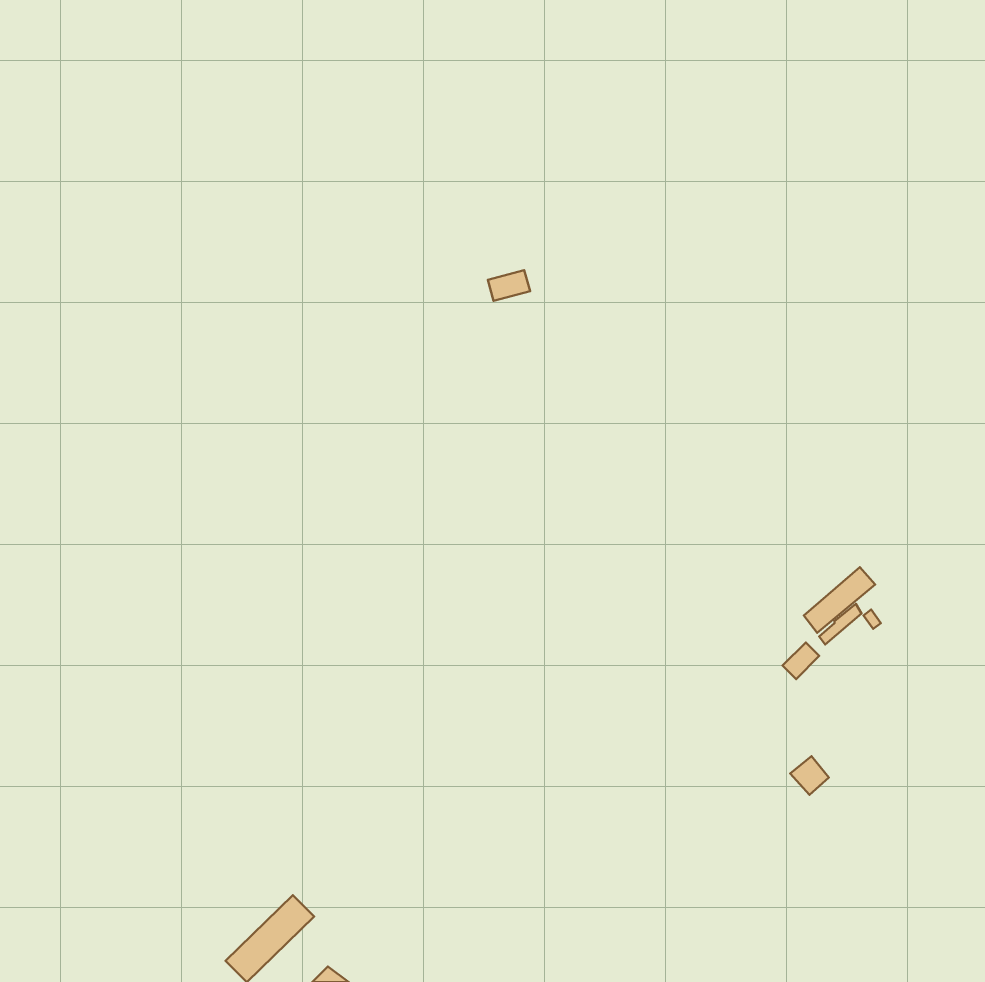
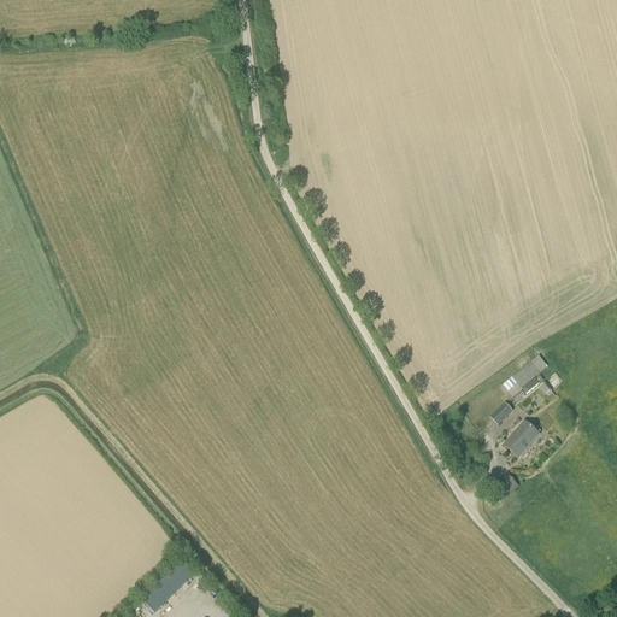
building: none -> [505,422,541,457]

